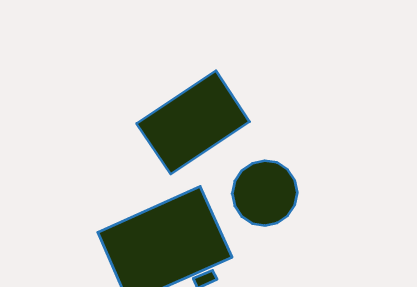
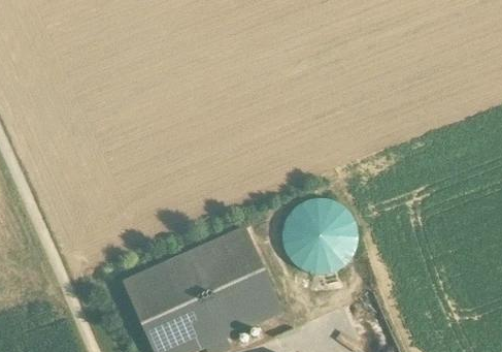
building: [137,71,250,174] -> none

